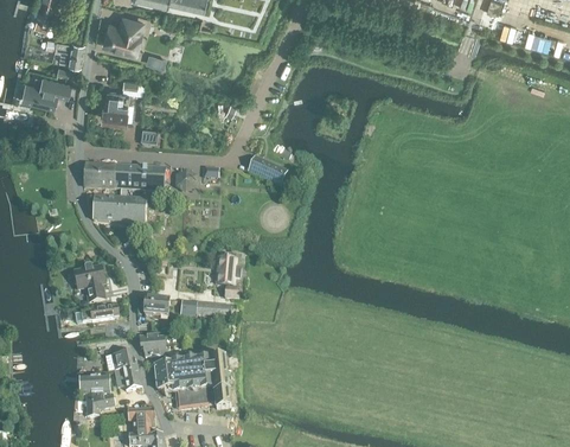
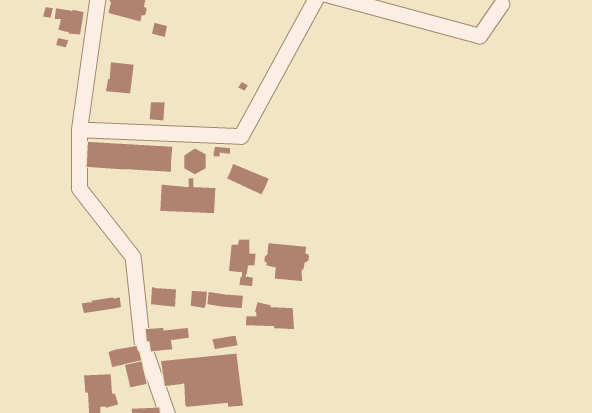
building: [25,77,70,106] -> none
building: [248,158,288,187] -> [226,163,270,195]
building: [94,190,146,223] -> [160,178,216,214]
building: none -> [264,243,309,282]
building: [73,266,103,304] -> none
building: none -> [245,301,295,330]

